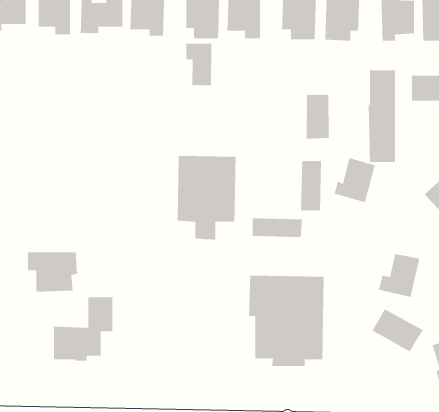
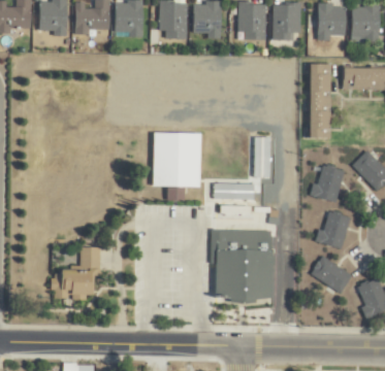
building: [185,43,212,86] -> none
building: [306,94,329,140] -> none
building: [334,157,376,203] -> [311,165,345,202]
building: [27,251,78,293] -> none

